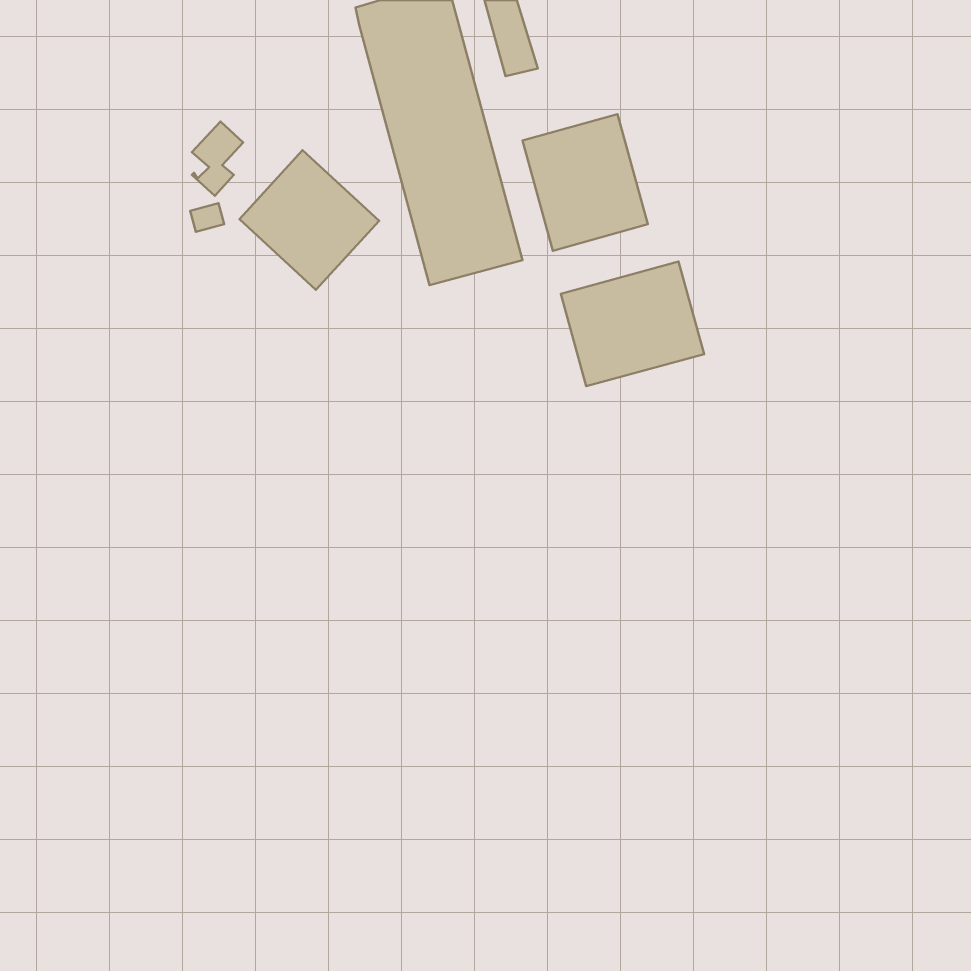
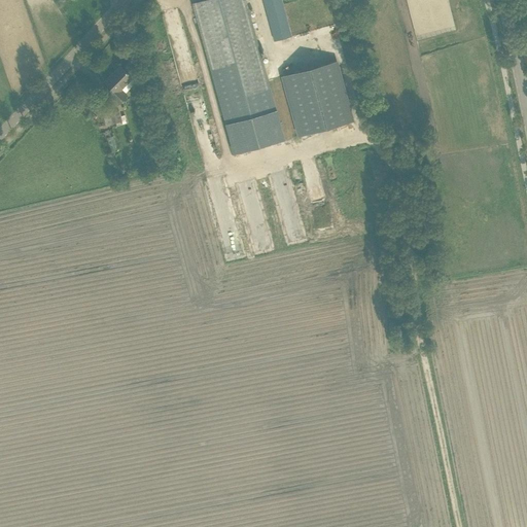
building: [239,150,379,290] -> none
building: [561,262,704,386] -> none

